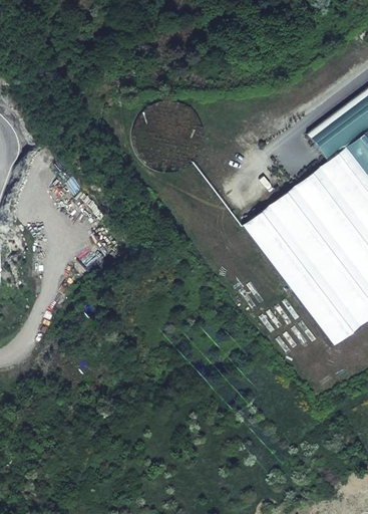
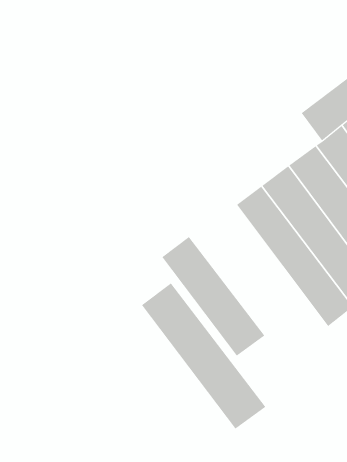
building: none -> [161,236,265,356]
building: none -> [141,282,266,429]

